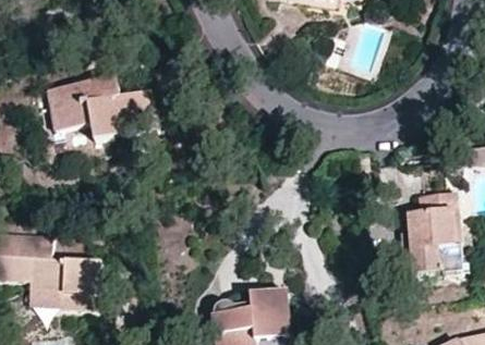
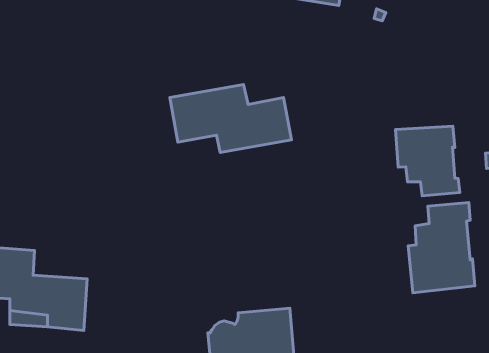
building: [46,76,159,139] -> [170,85,292,153]
building: none -> [396,126,460,196]

